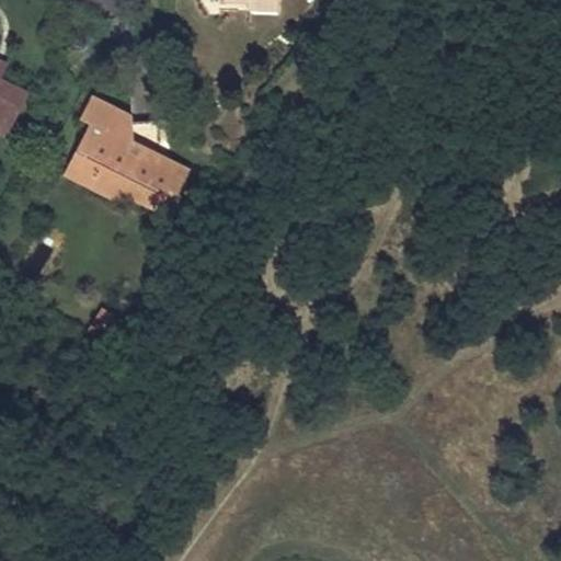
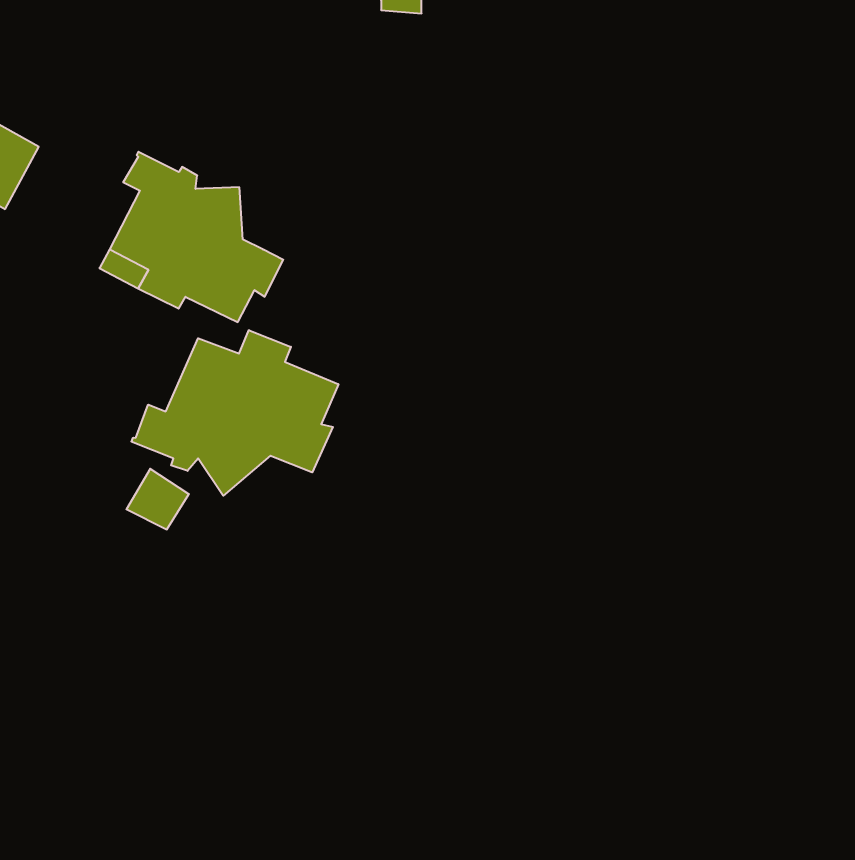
building: none -> [131,330,338,496]

